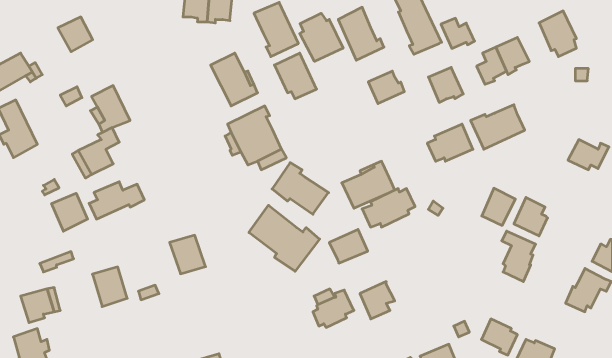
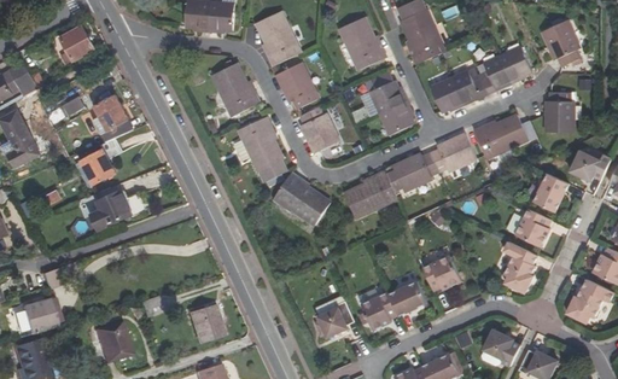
building: [300,13,343,61] -> none
building: [441,18,475,48] -> [454,70,488,100]
building: none -> [546,91,573,132]
building: none -> [380,100,414,134]
building: none -> [301,105,339,152]
building: [482,188,515,225] -> [535,171,569,209]
building: [362,189,415,227] -> [385,152,438,191]
building: [52,193,88,231] -> none
building: [249,205,320,271] -> none
building: [329,229,368,263] -> [389,280,427,314]
building: [170,235,206,274] -> [188,304,225,343]
building: none -> [422,255,462,288]
building: [92,267,127,307] -> [95,321,130,361]

